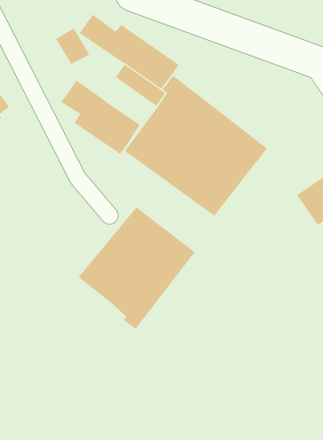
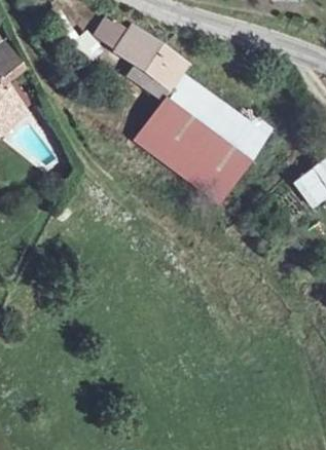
building: [61,80,141,155] -> none
building: [78,207,196,330] -> none

